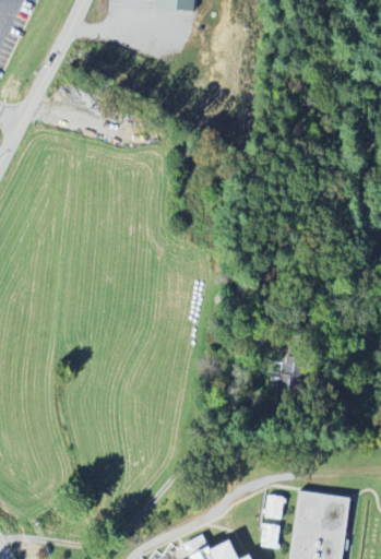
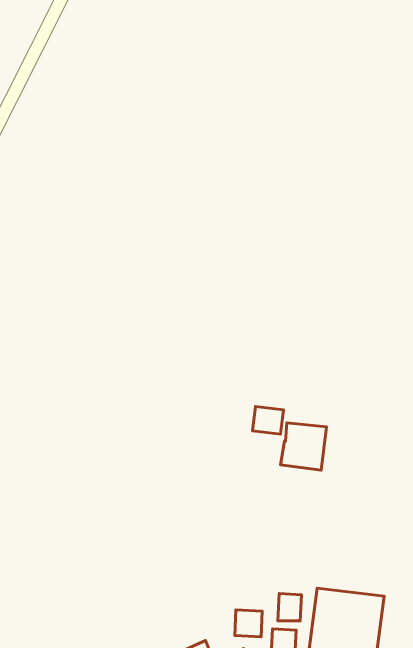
building: none -> [252,406,284,434]
building: none -> [235,610,262,637]

